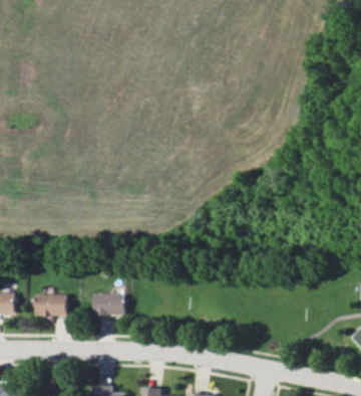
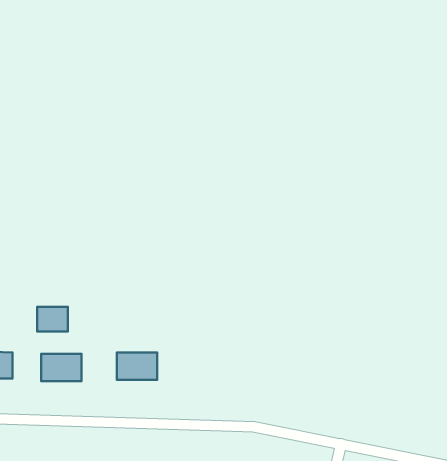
building: none -> [37,307,68,332]

